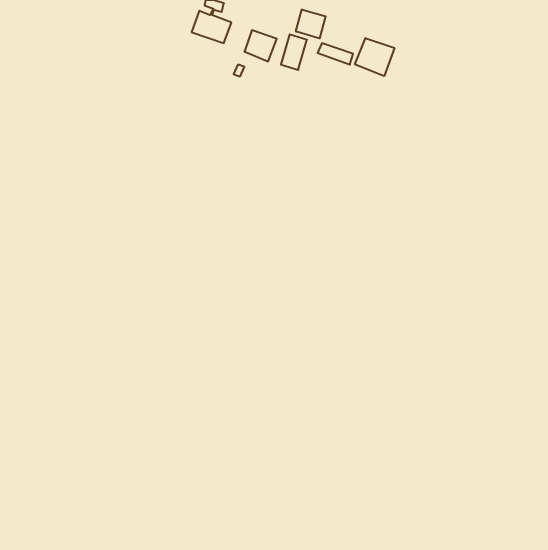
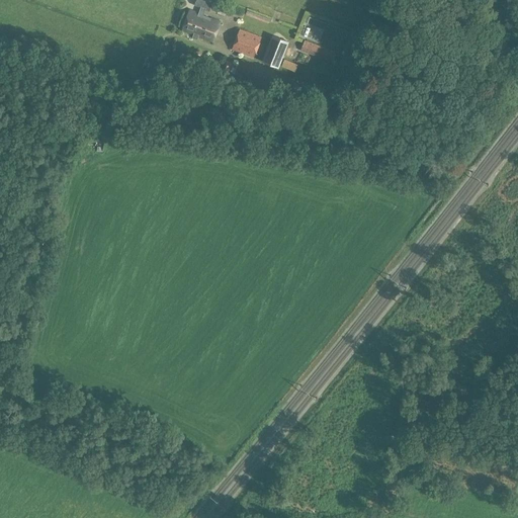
building: [296,9,326,38] -> none
building: [355,38,394,76] -> none

